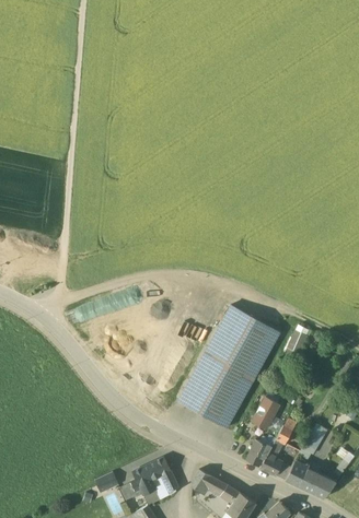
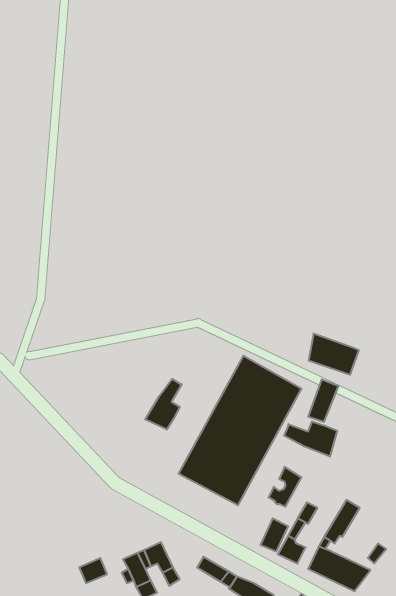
building: none -> [309,333,359,375]
building: none -> [145,379,182,430]
building: none -> [284,421,337,457]

